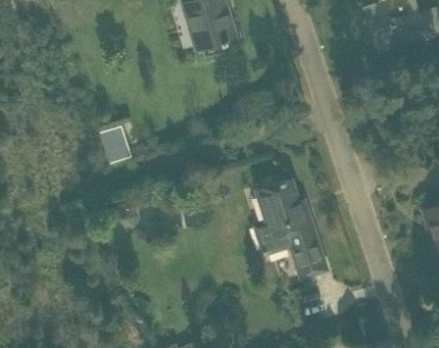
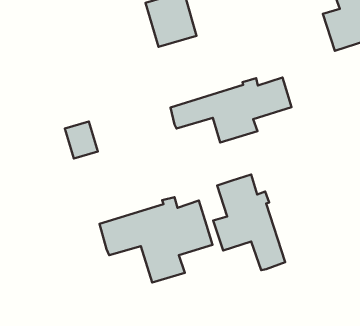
building: none -> [170,77,291,142]
building: none -> [100,197,212,283]

